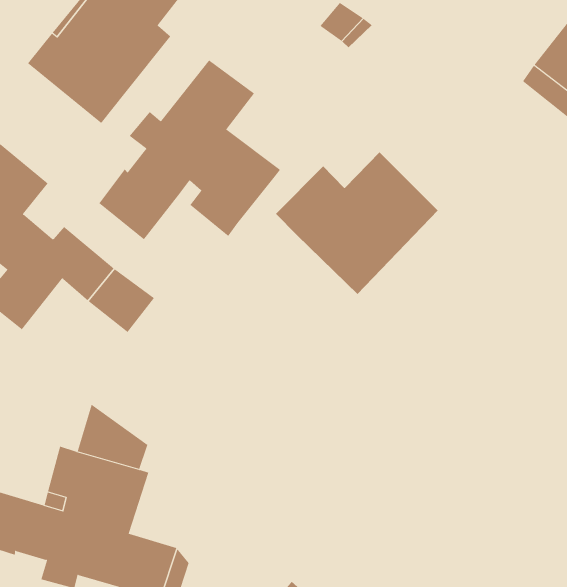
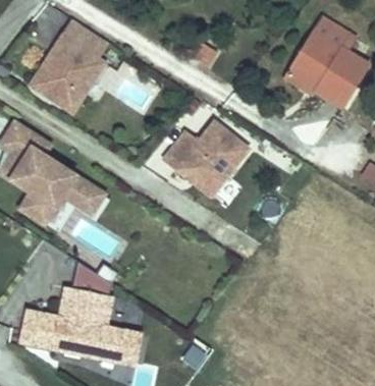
building: [98,59,281,240] -> none

